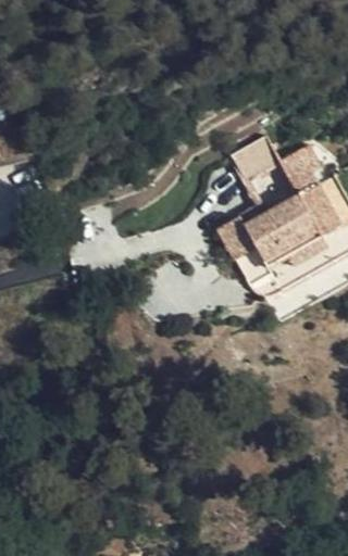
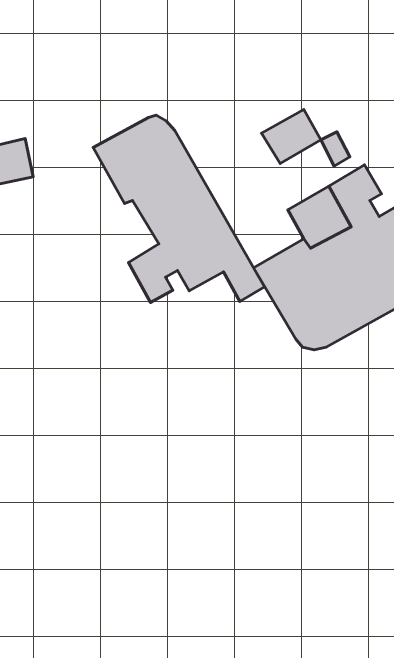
building: none -> [93,115,265,303]
building: [225,132,274,177] -> [262,109,321,164]

